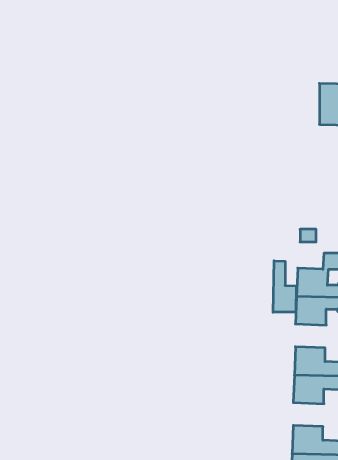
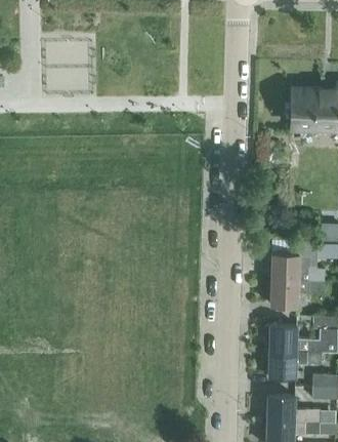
building: [273,261,296,312] -> none

